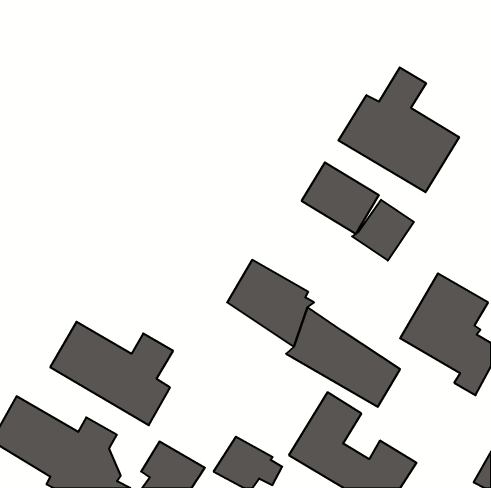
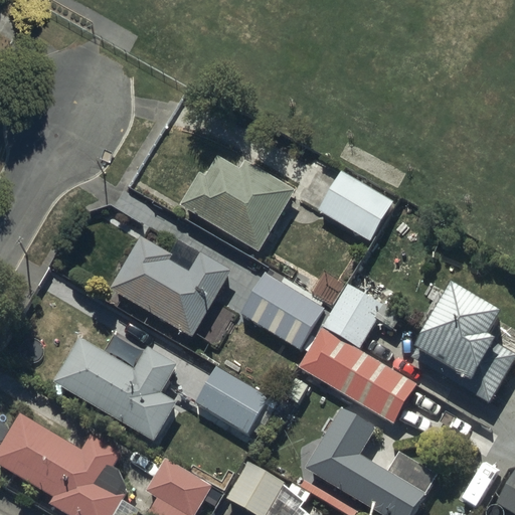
building: [338,67,459,192] -> none
building: none -> [180,156,296,251]
building: [352,200,414,261] -> [320,282,384,345]
building: none -> [112,232,233,335]
building: none -> [199,369,274,436]

